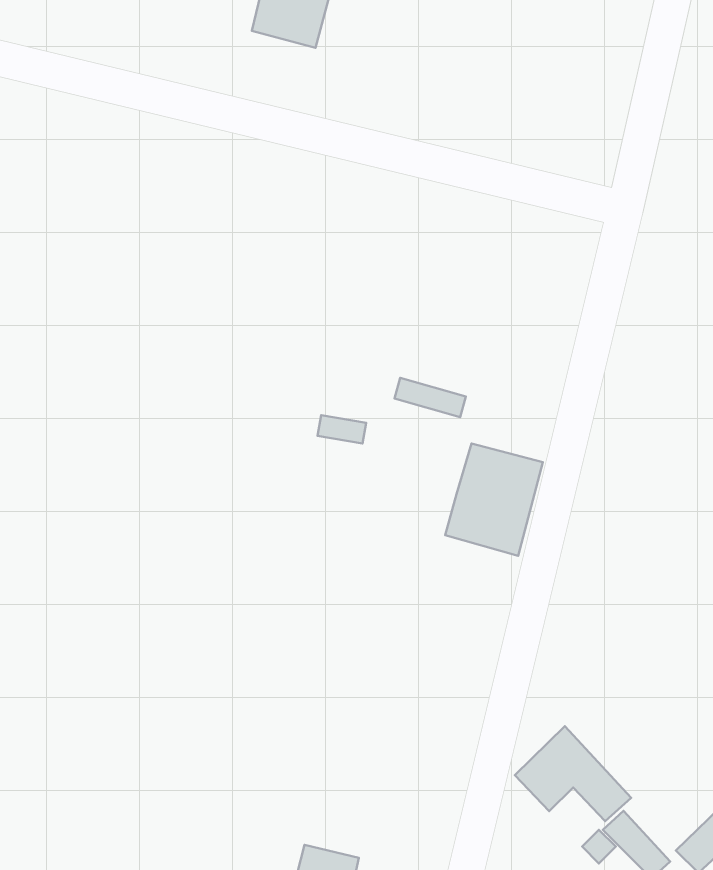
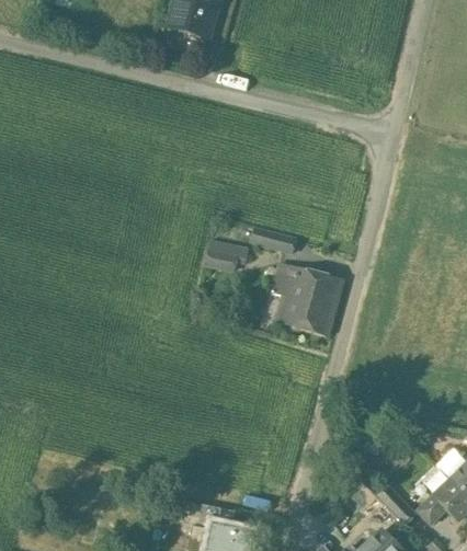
building: none -> [273,265,299,300]
building: [515,726,631,821] -> none

